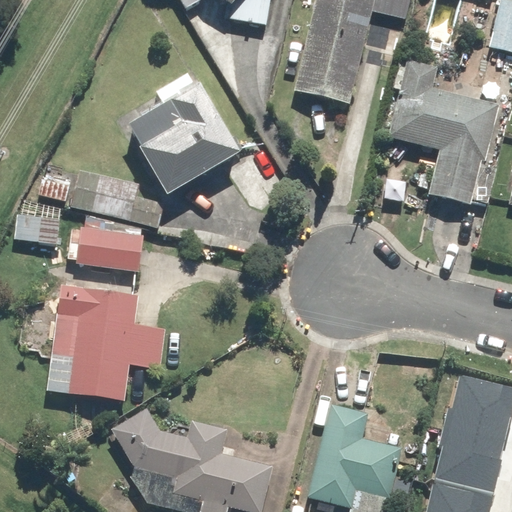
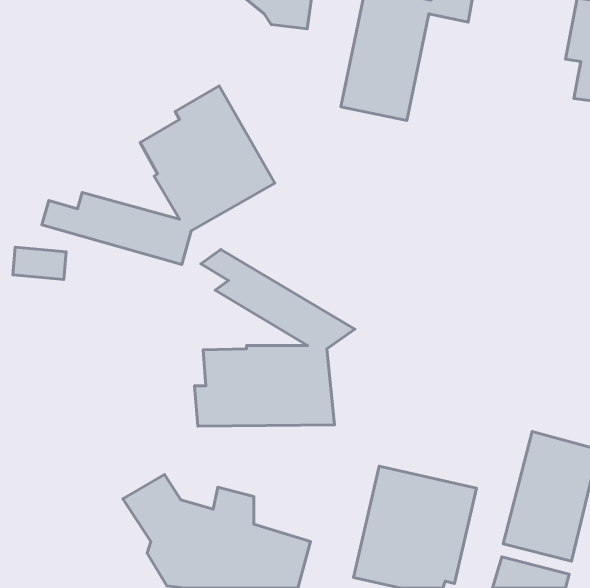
building: [389,63,500,206] -> none
building: none -> [194,249,355,426]
building: [76,226,142,267] -> none
building: [48,284,165,398] -> none

